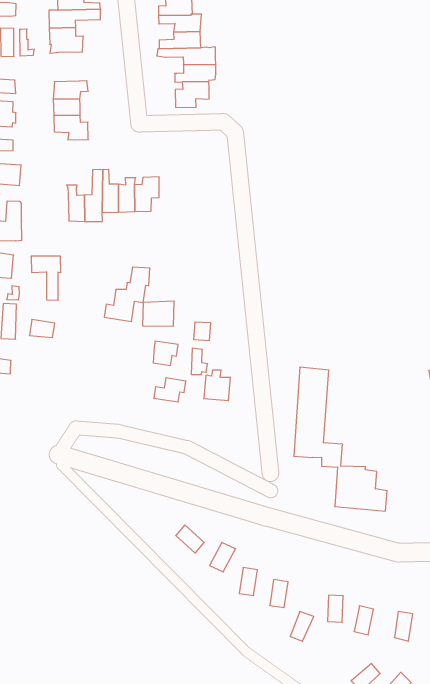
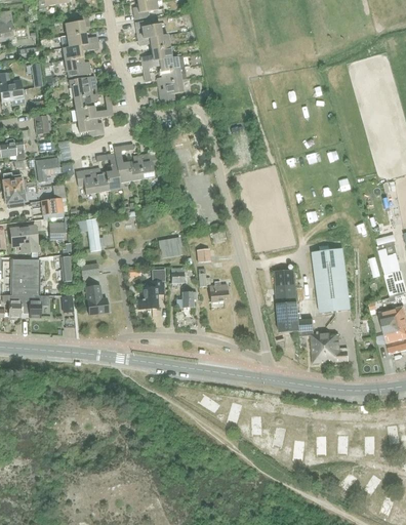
building: none -> [68,76,95,96]
building: none -> [76,167,97,194]
building: [104,267,150,321] -> [137,269,165,308]
building: none -> [85,284,108,315]
building: none -> [311,247,350,312]

